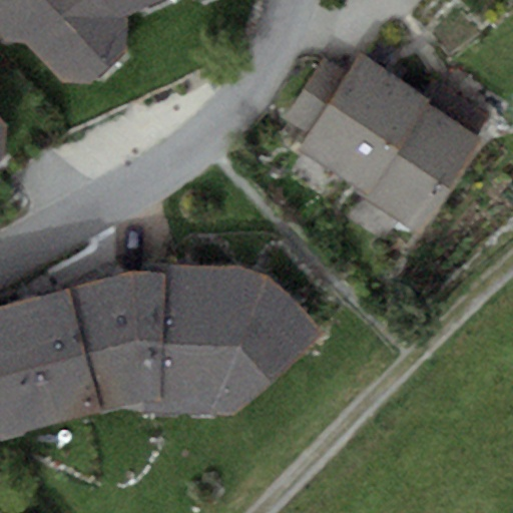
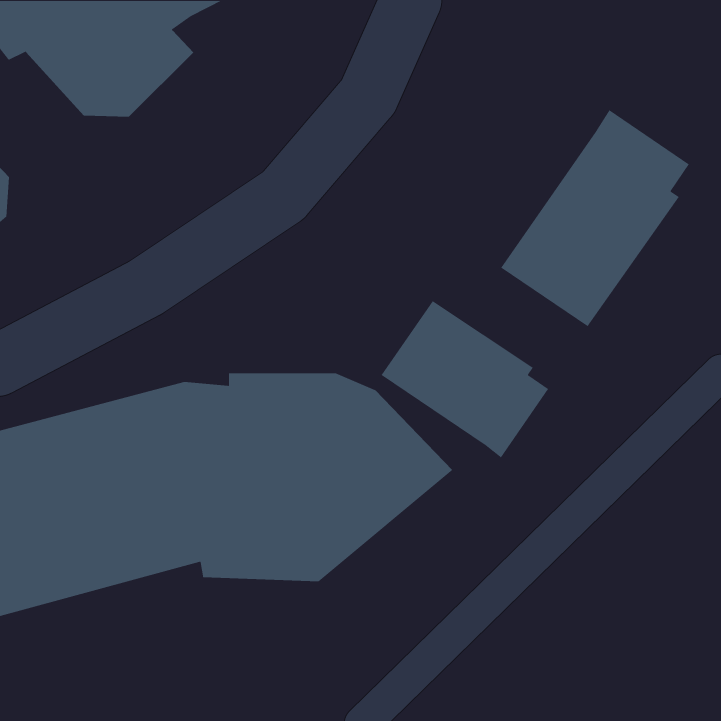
building: [281,53,421,191] -> none
building: none -> [380,300,549,458]

